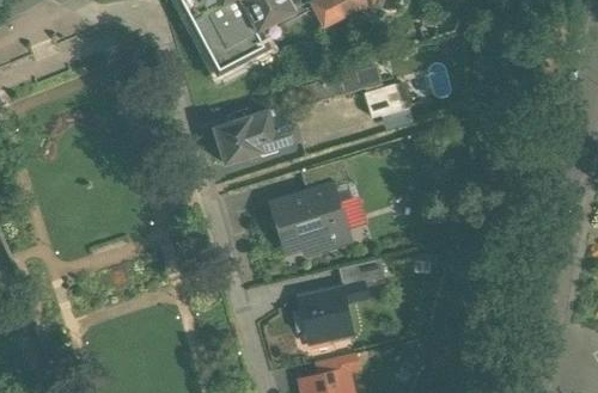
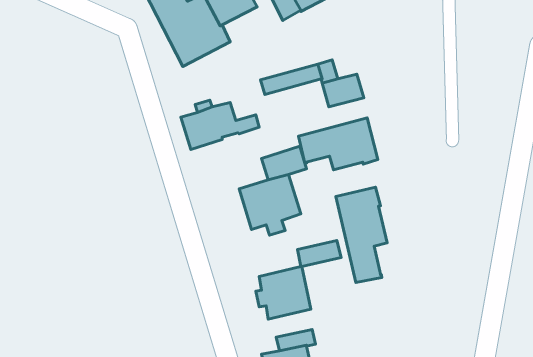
building: none -> [299,118,378,170]
building: none -> [336,187,387,282]

